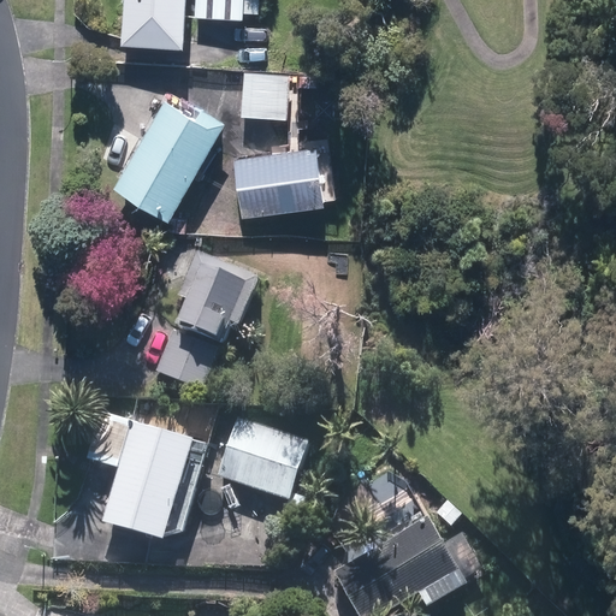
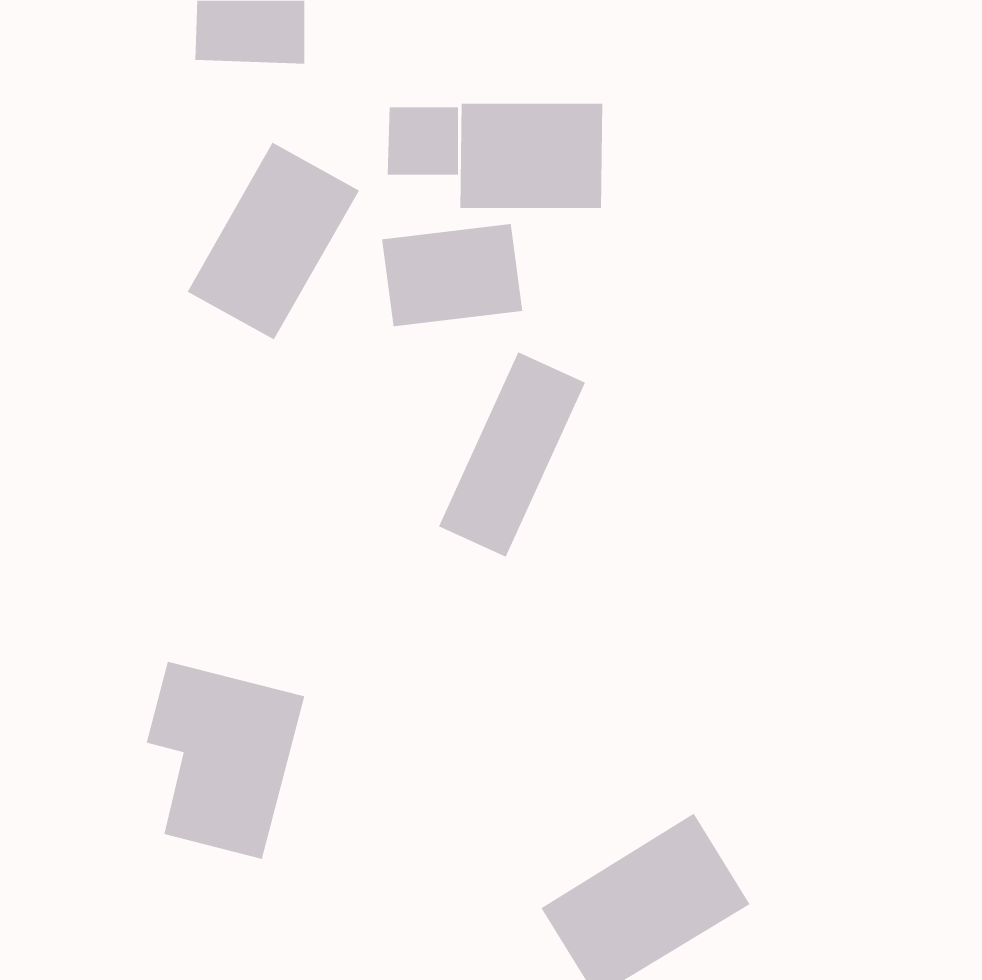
building: none -> [460,103,603,209]
building: [158,262,249,390] -> [438,352,586,558]
building: [225,421,309,500] -> none

